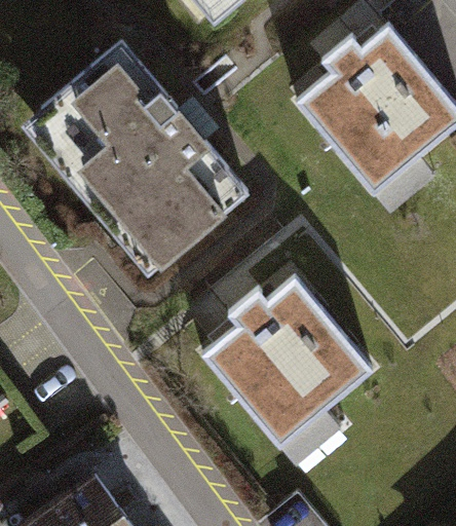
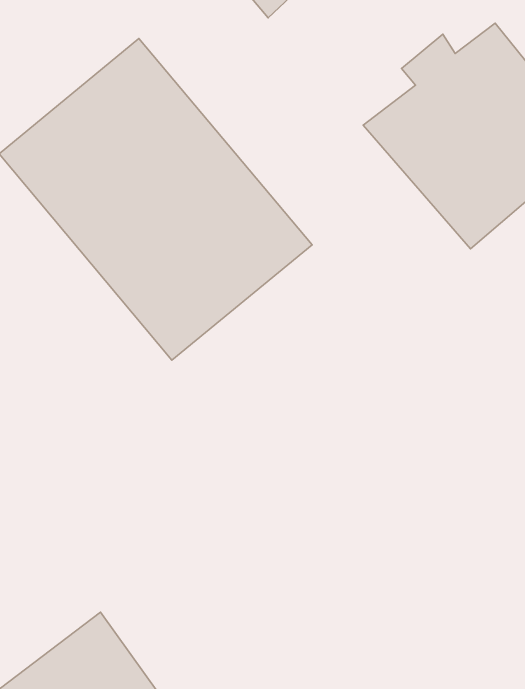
building: [204,275,377,447] -> none

